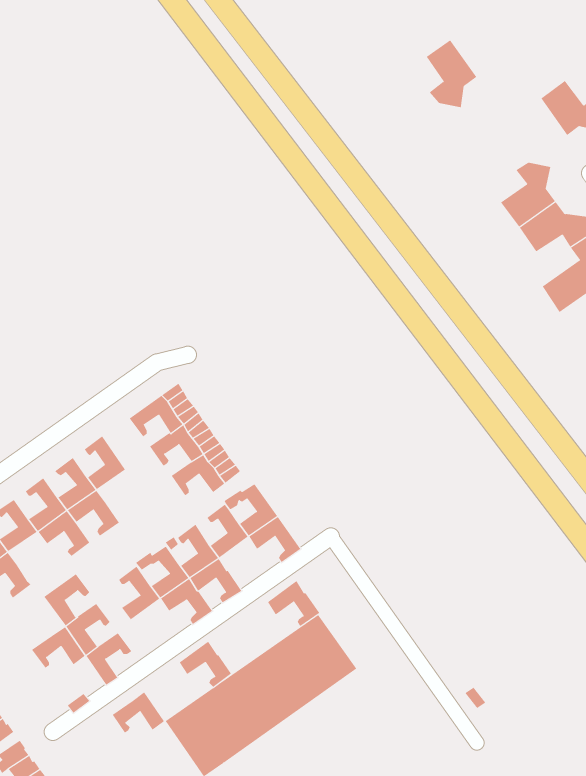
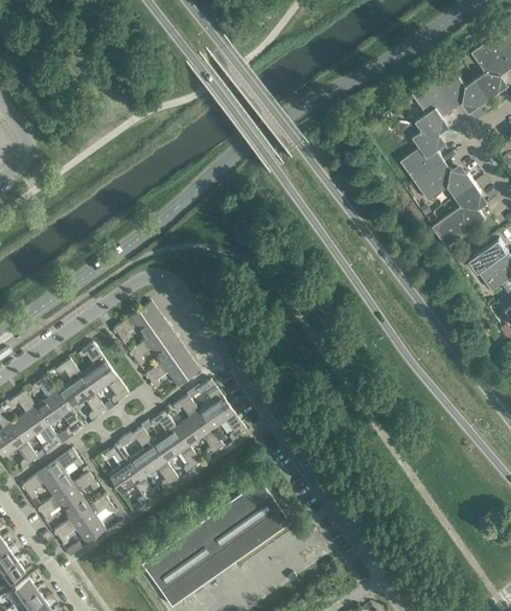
building: [426,40,477,108] -> [412,82,452,135]
building: none -> [88,369,129,404]
building: none -> [19,417,60,452]
building: [267,580,320,627] -> [183,421,224,457]
building: none -> [22,468,64,500]
building: [179,641,232,687] -> [114,469,155,505]
building: [112,692,165,734] -> [54,514,95,546]

